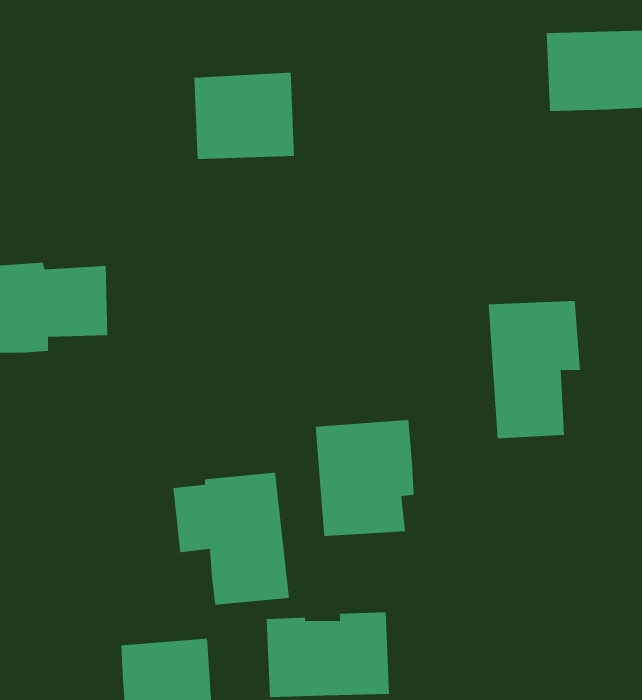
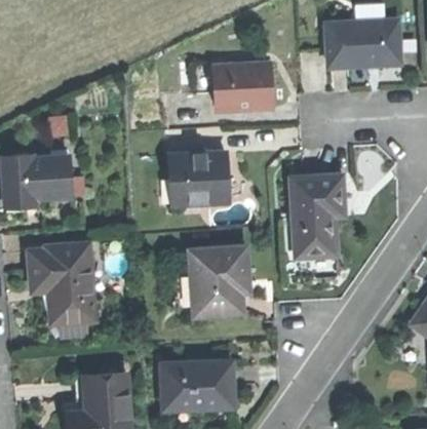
building: [193,72,295,160] -> [212,61,272,112]
building: none -> [167,154,241,205]
building: [173,472,290,605] -> [27,246,95,324]

